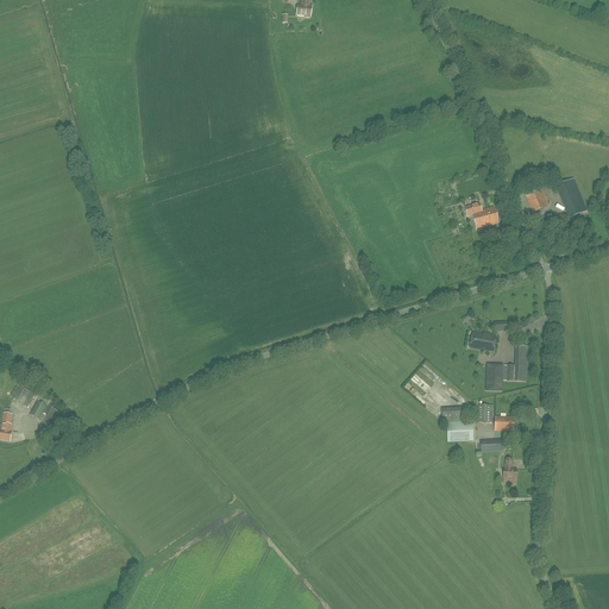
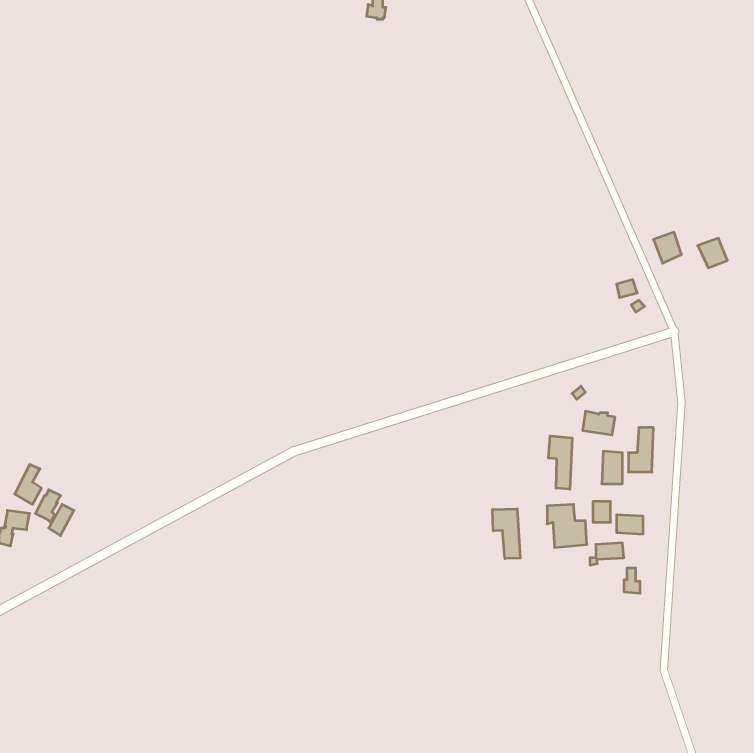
building: [464,201,497,227] -> none
building: none -> [548,436,572,489]
building: none -> [493,509,520,559]

